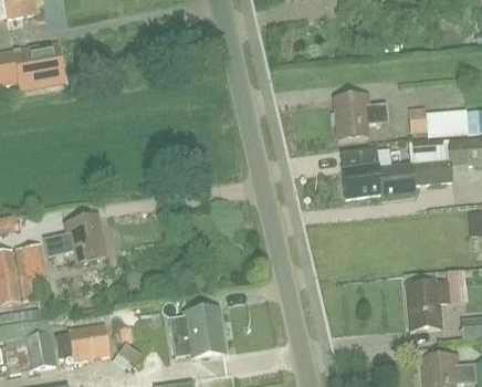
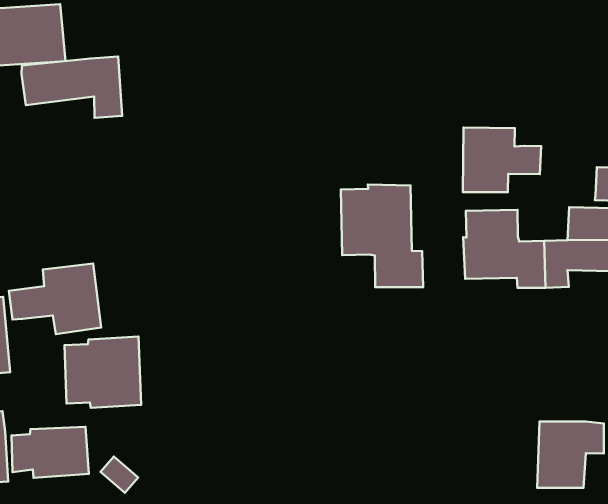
building: none -> [22,57,122,118]
building: none -> [341,185,423,287]
building: [169,306,224,357] -> [65,337,141,408]

